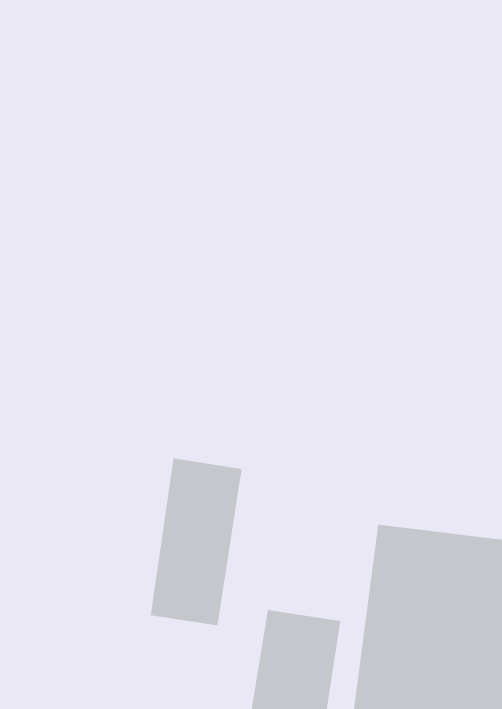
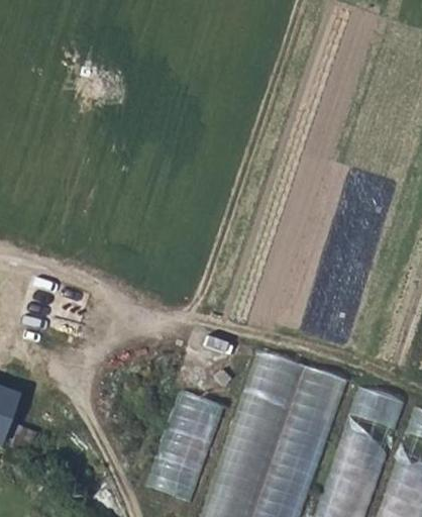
building: [150,457,242,626] -> none

